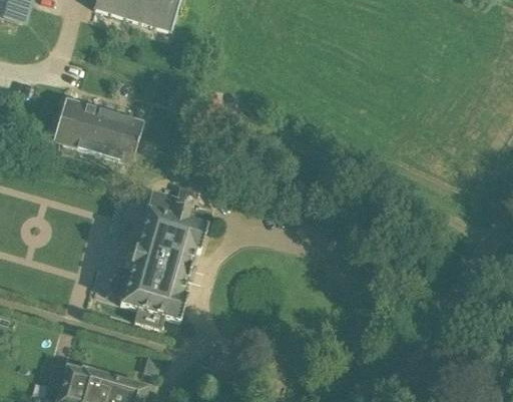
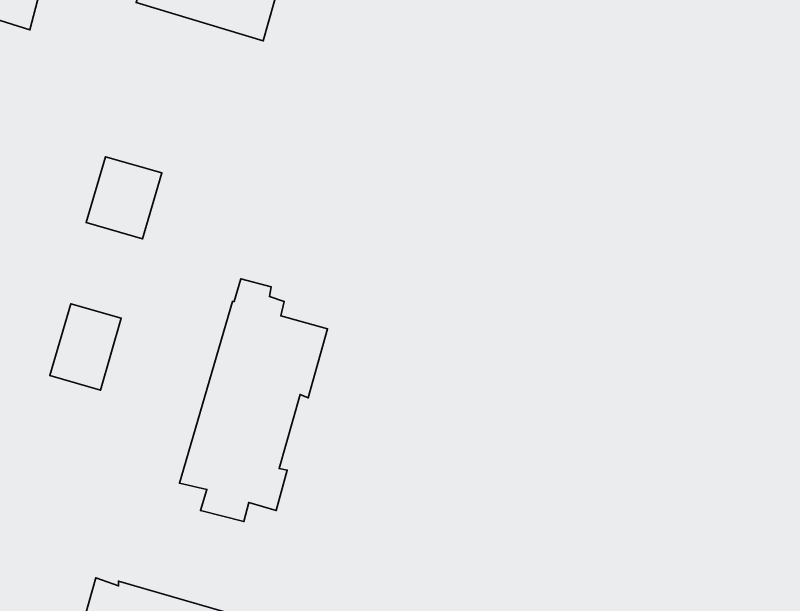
building: [93,110,141,161] -> none
building: none -> [50,304,121,390]

